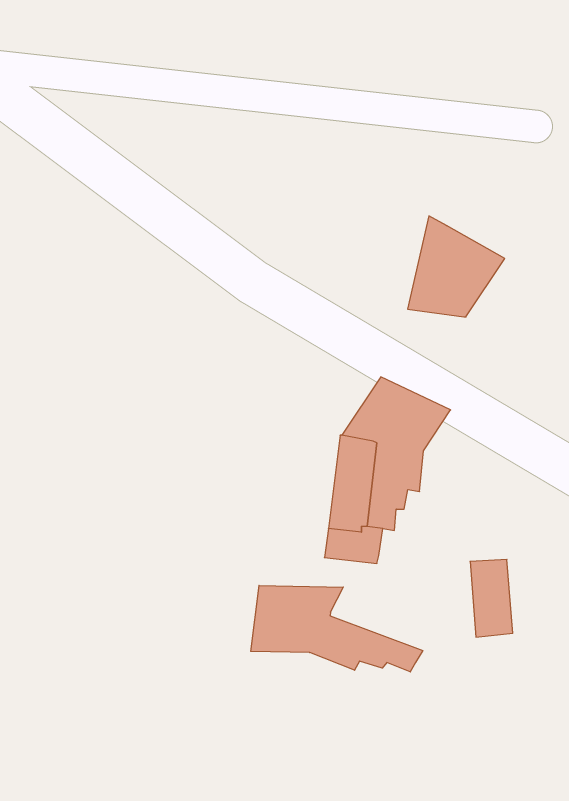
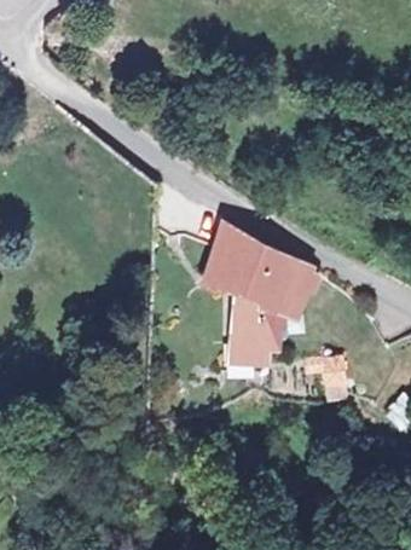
building: [408,216,505,317] -> [202,227,262,290]
building: [251,585,423,672] -> none

